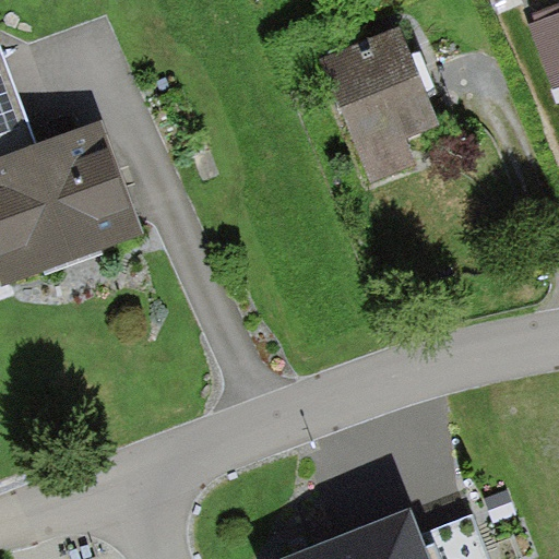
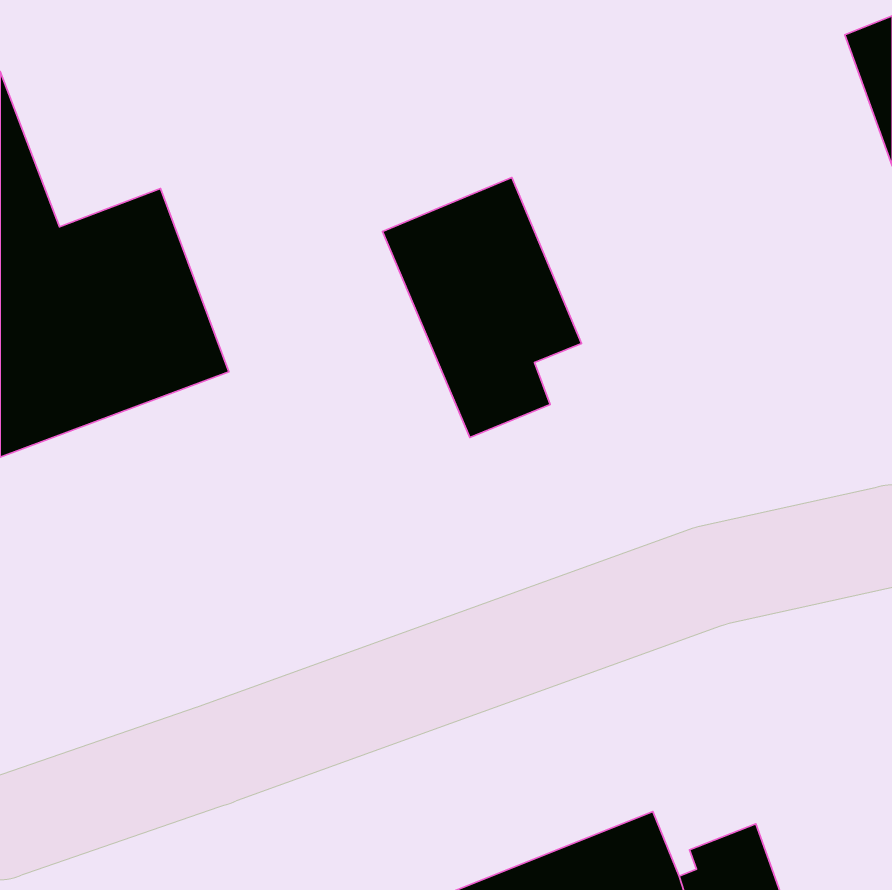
building: [314,24,439,187] -> [383,178,582,438]

